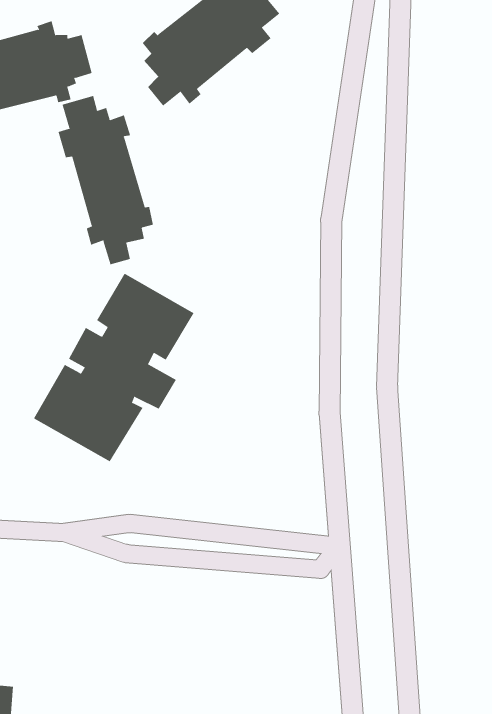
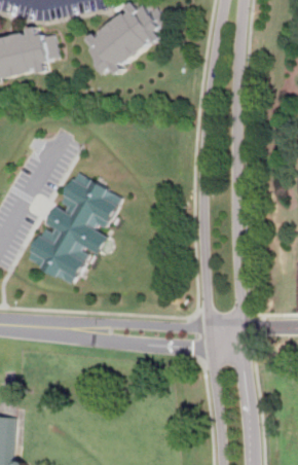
building: [58,95,153,265] -> none

